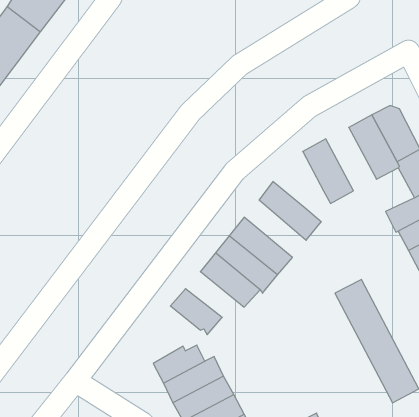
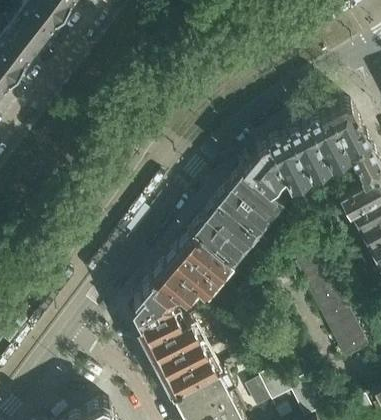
building: none -> [289,128,333,183]
building: none -> [243,149,287,198]
building: none -> [218,191,272,241]
building: none -> [167,253,218,301]
building: none -> [129,283,180,333]

